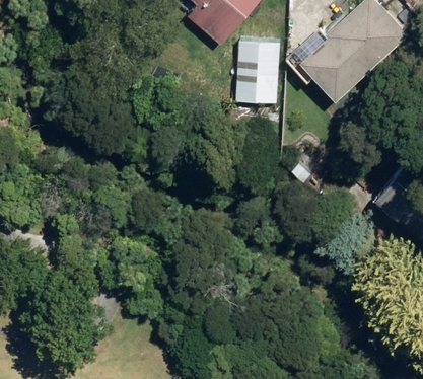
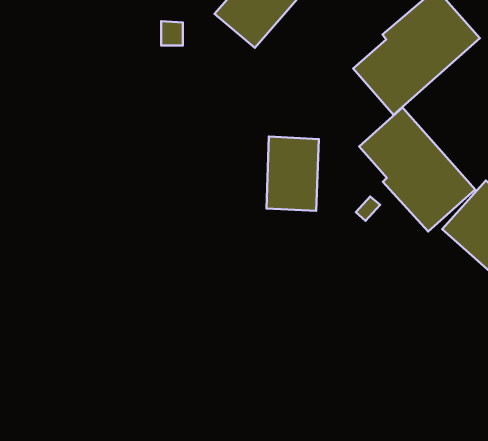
building: [234,42,278,103] -> [266,137,319,211]
building: none -> [359,107,475,232]

